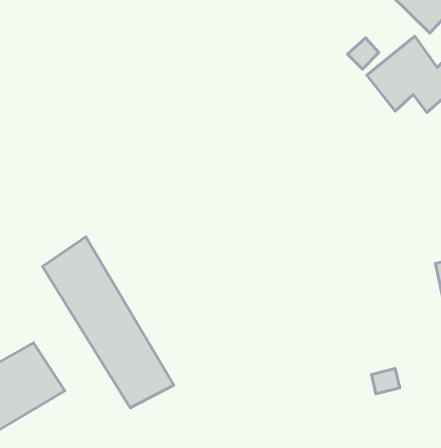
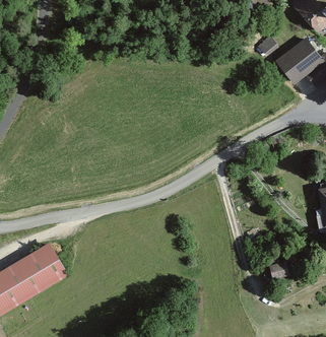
building: [43,237,174,408] -> none

